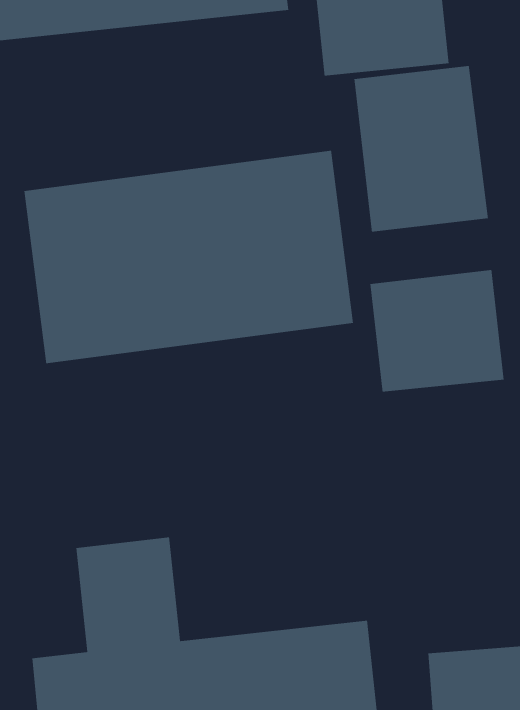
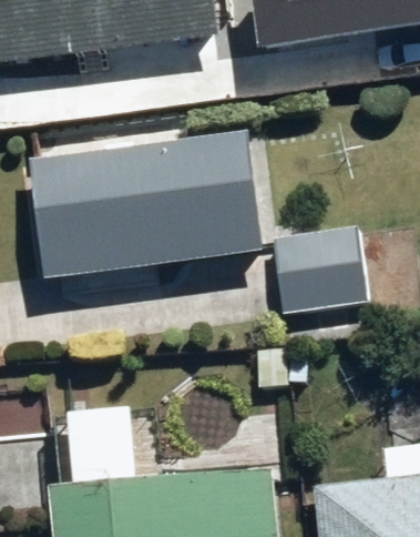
building: [354,65,488,233] -> none

